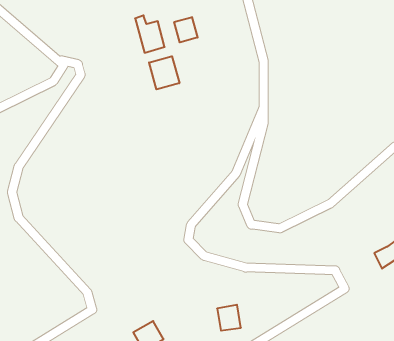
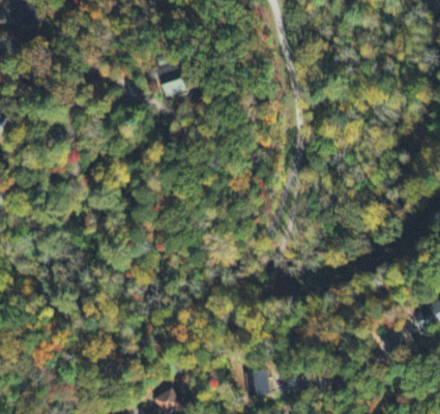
building: [174,17,198,42] -> none
building: [149,56,179,89] -> none

